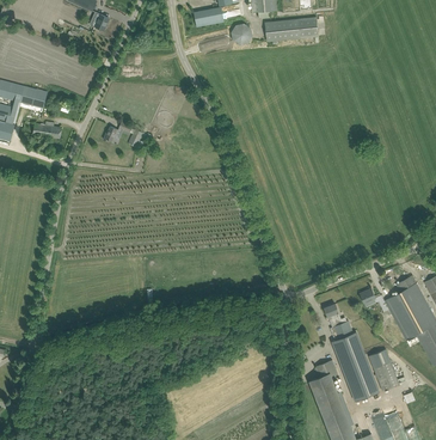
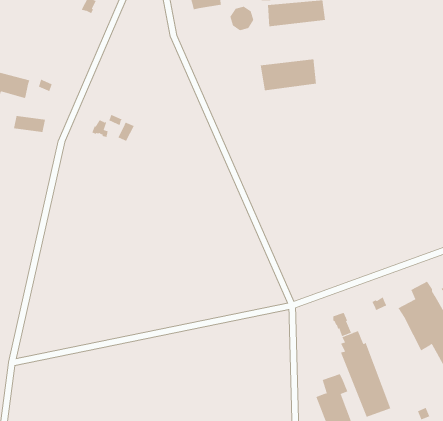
building: none -> [260,59,316,91]
building: [368,349,398,391] -> none

